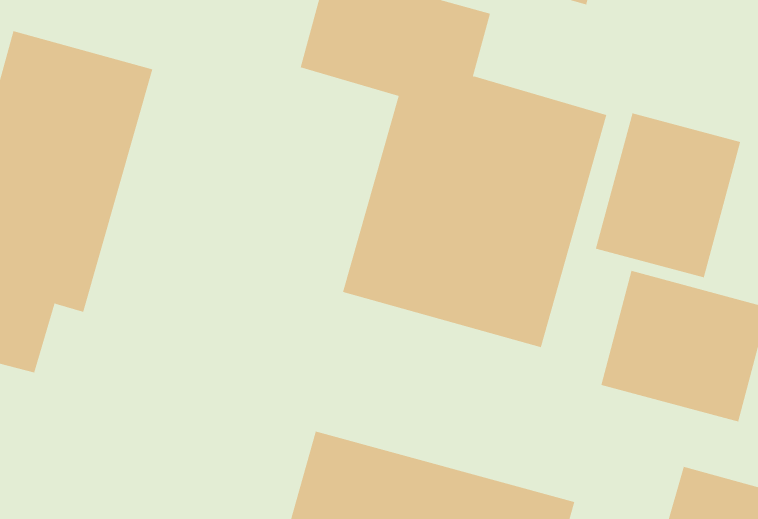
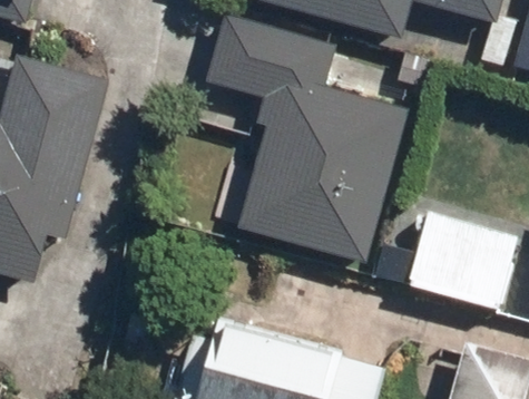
building: [595,112,741,278] -> none

